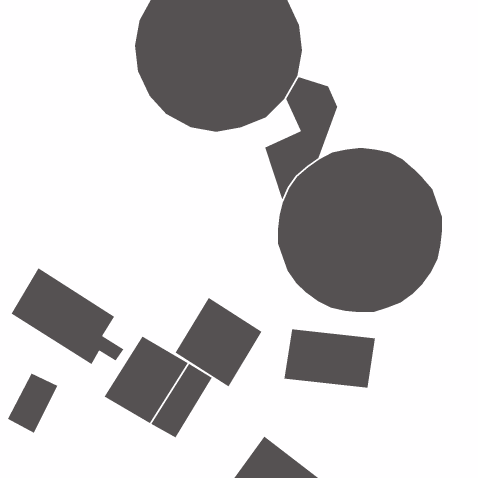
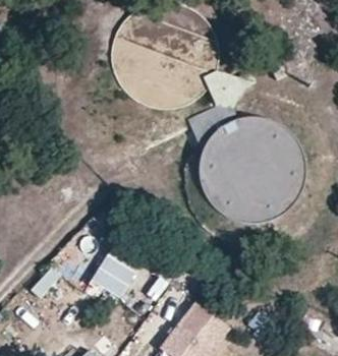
building: [11,267,124,365] -> none
building: [175,297,263,388] -> none
building: [284,328,376,389] -> none

